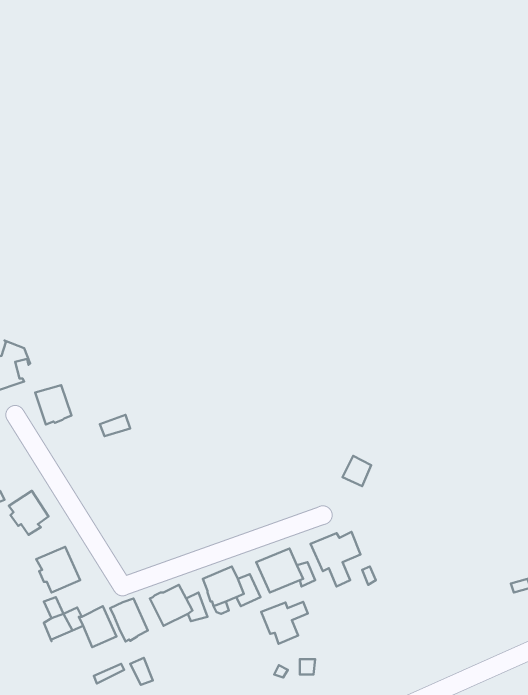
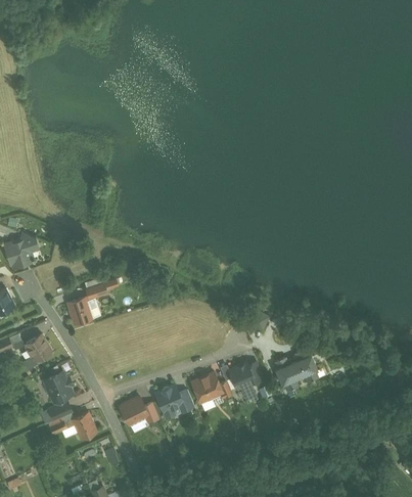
building: [35,385,72,425] -> [66,297,91,323]
building: none -> [273,348,317,391]
building: [110,599,148,641] -> none
building: [261,602,308,644] -> none

